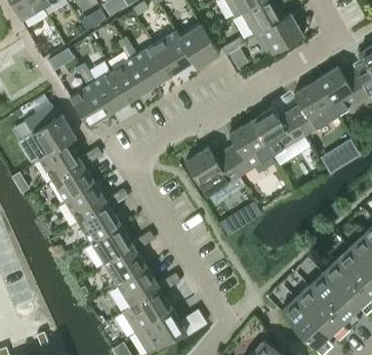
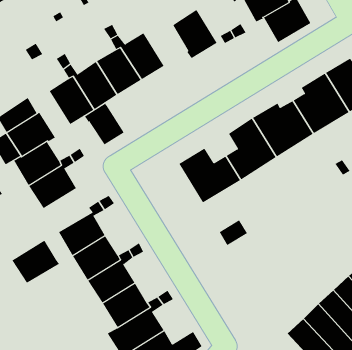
building: [154,32,193,75] -> none
building: none -> [84,103,125,146]
building: [65,184,108,223] -> [11,240,60,284]

